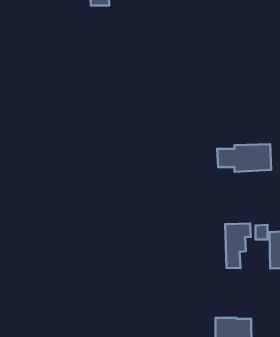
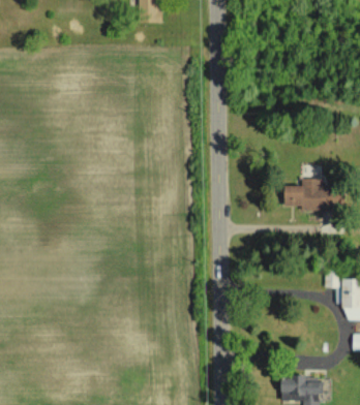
building: [225,224,251,268] -> none

